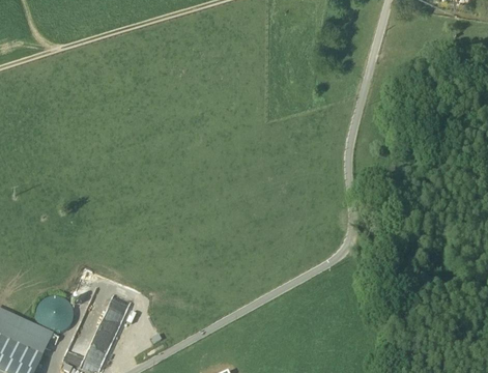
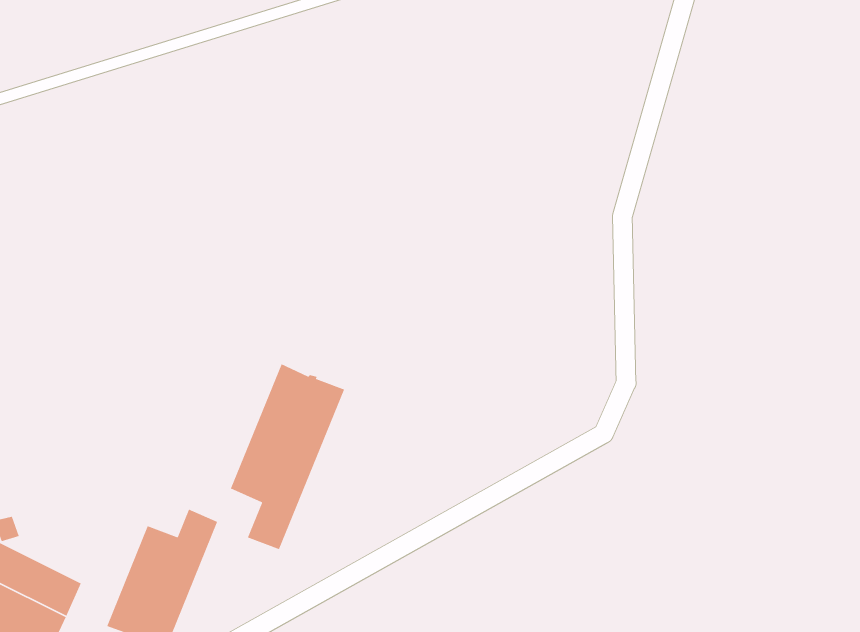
building: none -> [230,363,345,550]
building: [35,297,74,336] -> none

